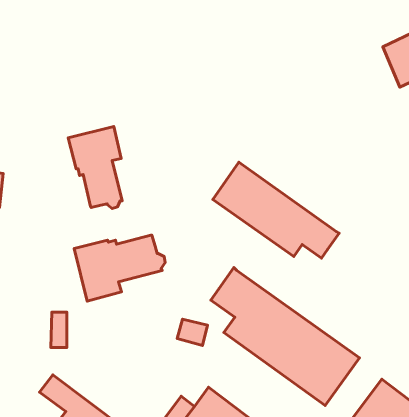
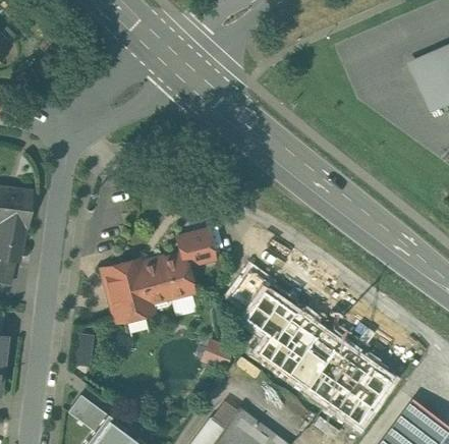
building: [68,126,122,209] -> none
building: [213,162,339,258] -> none
building: none -> [176,230,213,266]
building: none -> [231,270,271,309]

